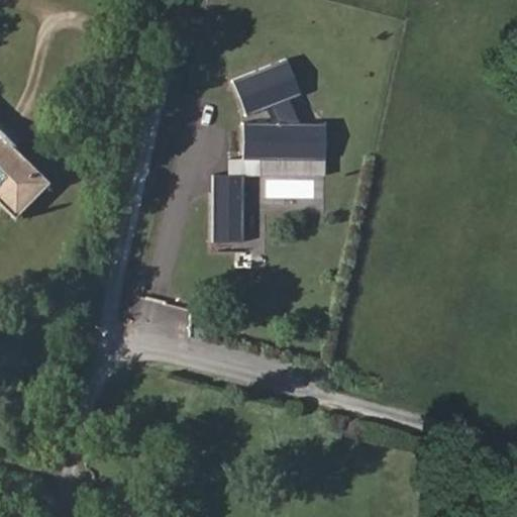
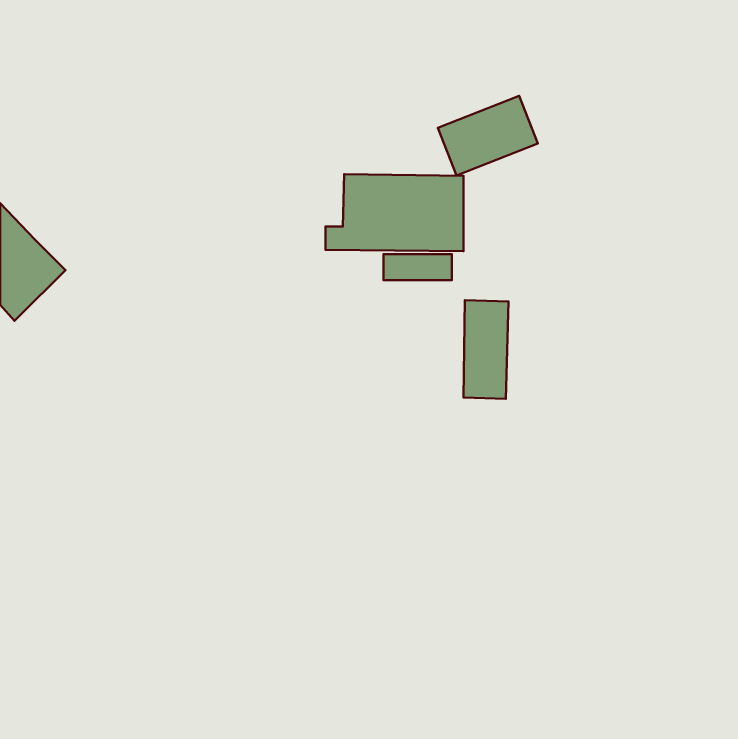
building: [231,57,301,112] -> [438,96,538,176]
building: [213,174,244,242] -> [464,300,509,399]

